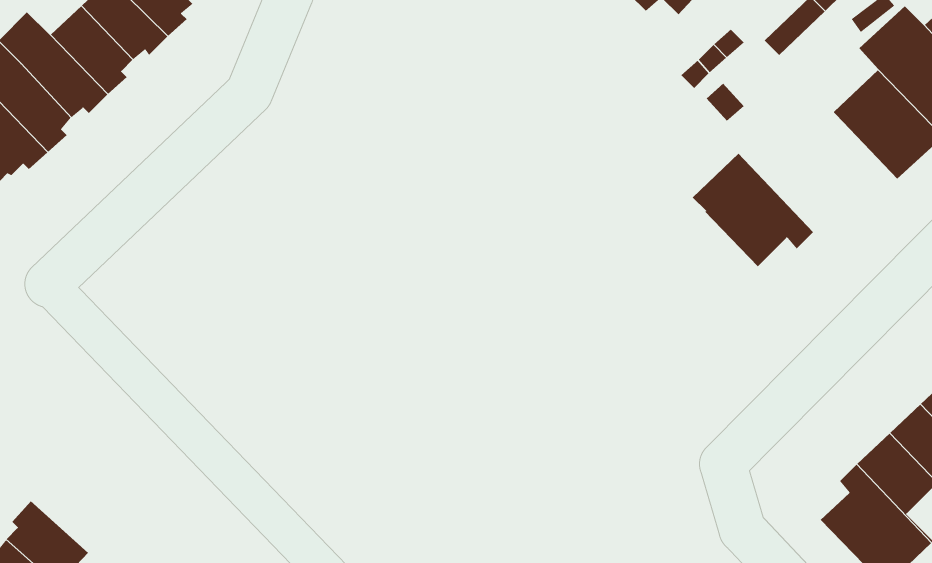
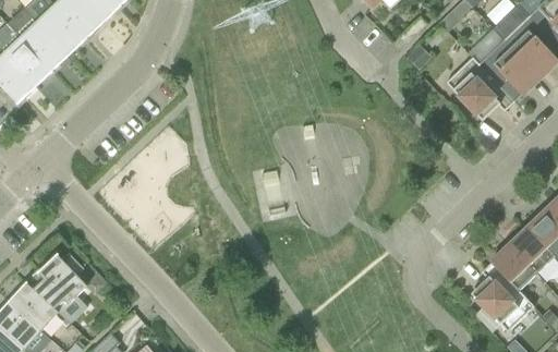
building: [692,153,814,267] -> [445,57,513,121]
building: none -> [25,254,87,312]

